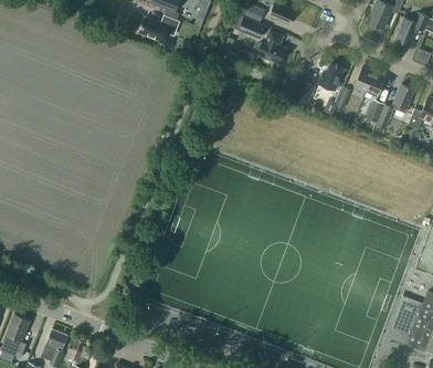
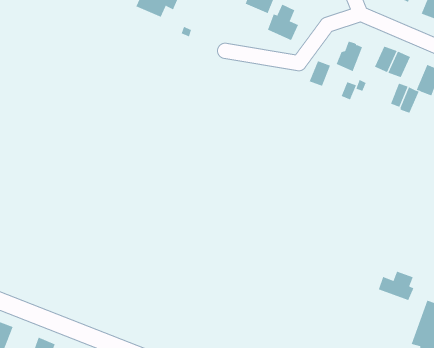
building: none -> [378,271,414,301]

